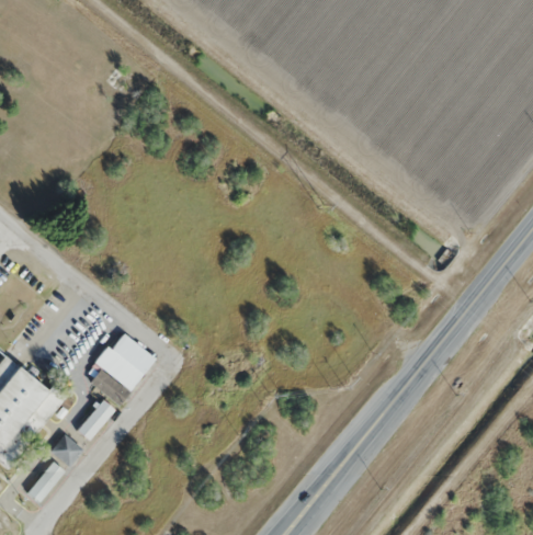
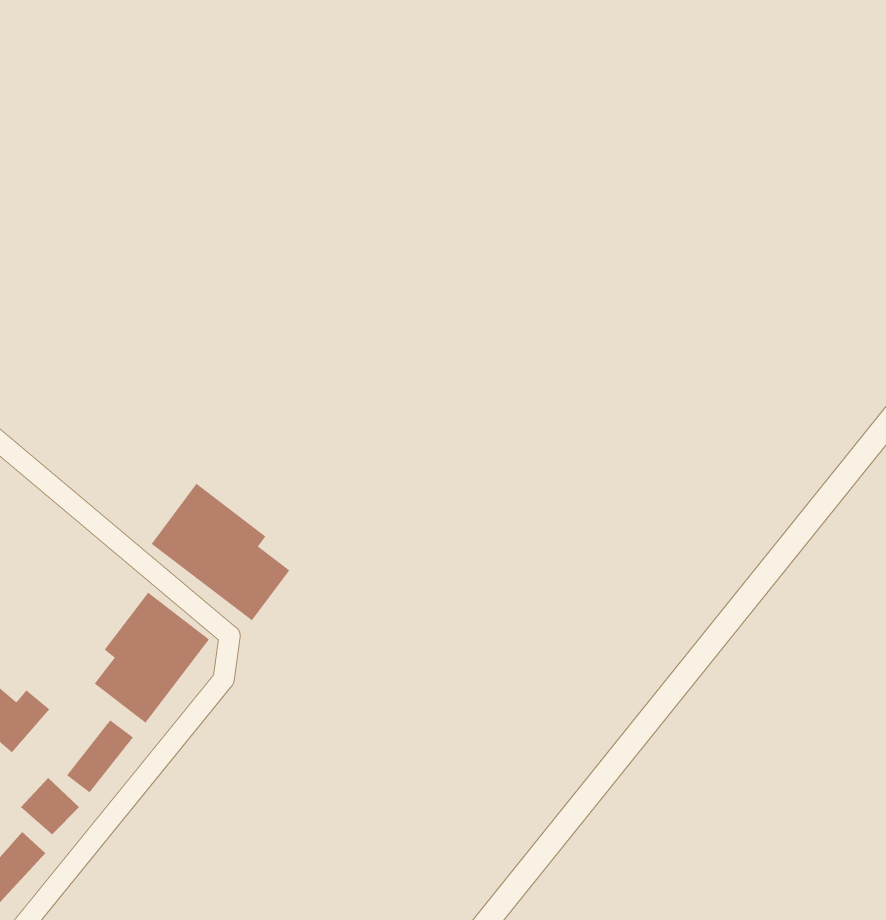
building: none -> [151,483,290,621]

